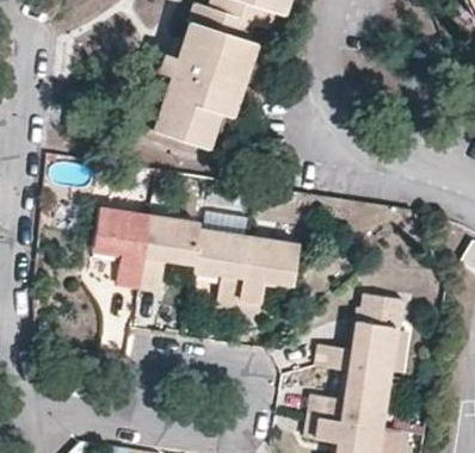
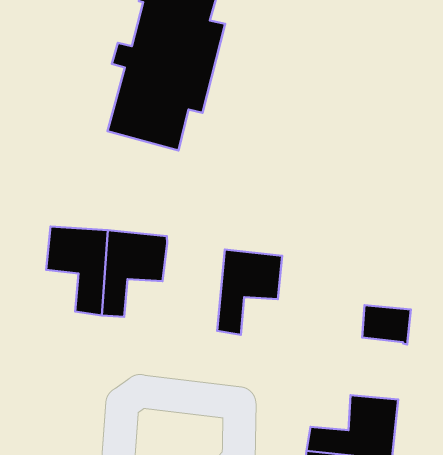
building: [192,230,248,308] -> none
building: [315,319,396,376] -> none

